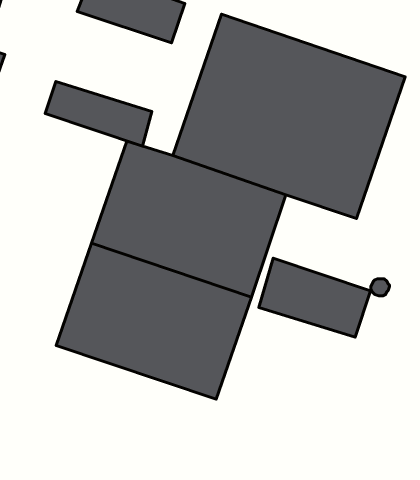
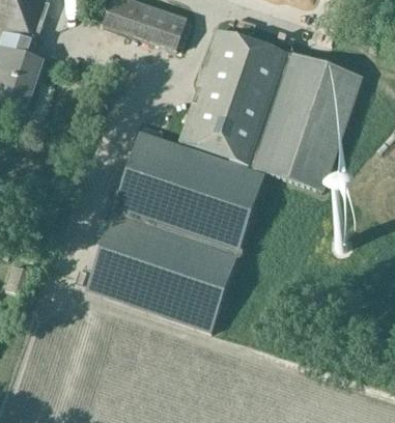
building: [45,81,152,146] -> none
building: [259,258,371,337] -> none

